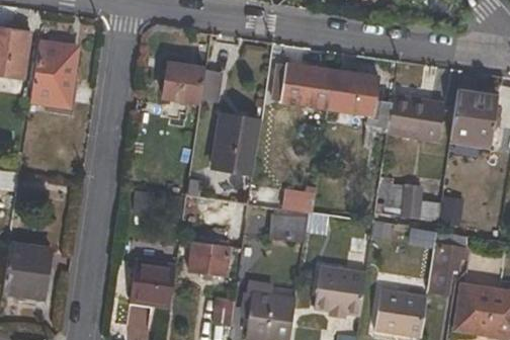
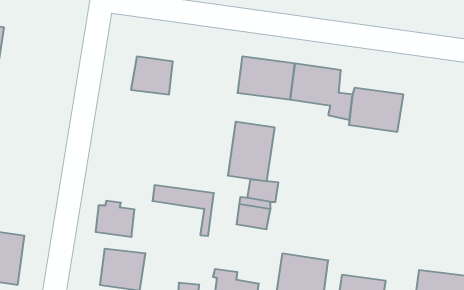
building: [31,41,79,107] -> none
building: [449,90,497,143] -> none
building: [212,112,261,174] -> [228,122,275,181]
building: [376,176,437,220] -> none
building: [189,238,230,275] -> [96,201,135,237]
building: [427,244,466,292] -> none

